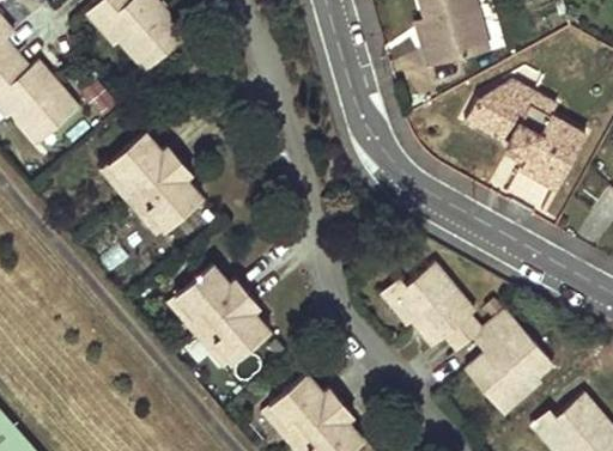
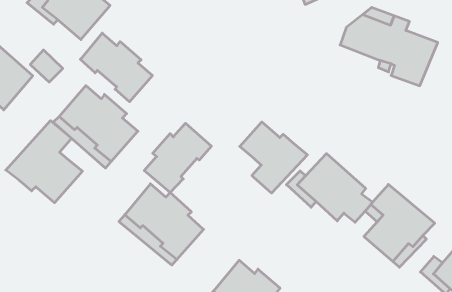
building: none -> [80,33,152,102]
building: none -> [6,121,82,203]
building: none -> [144,123,211,193]
building: none -> [240,122,307,193]

